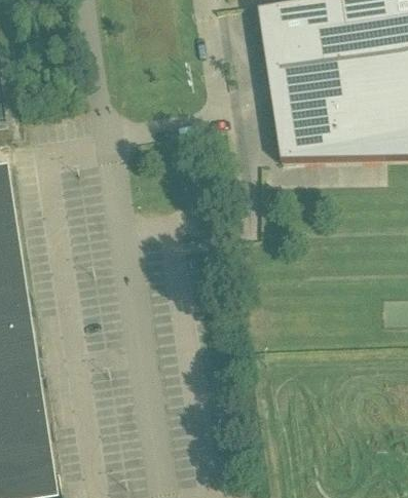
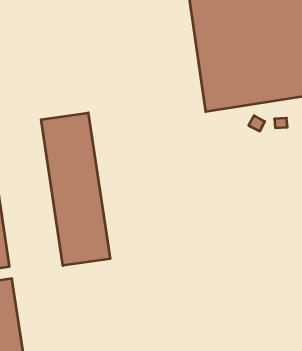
building: none -> [41,113,110,266]

